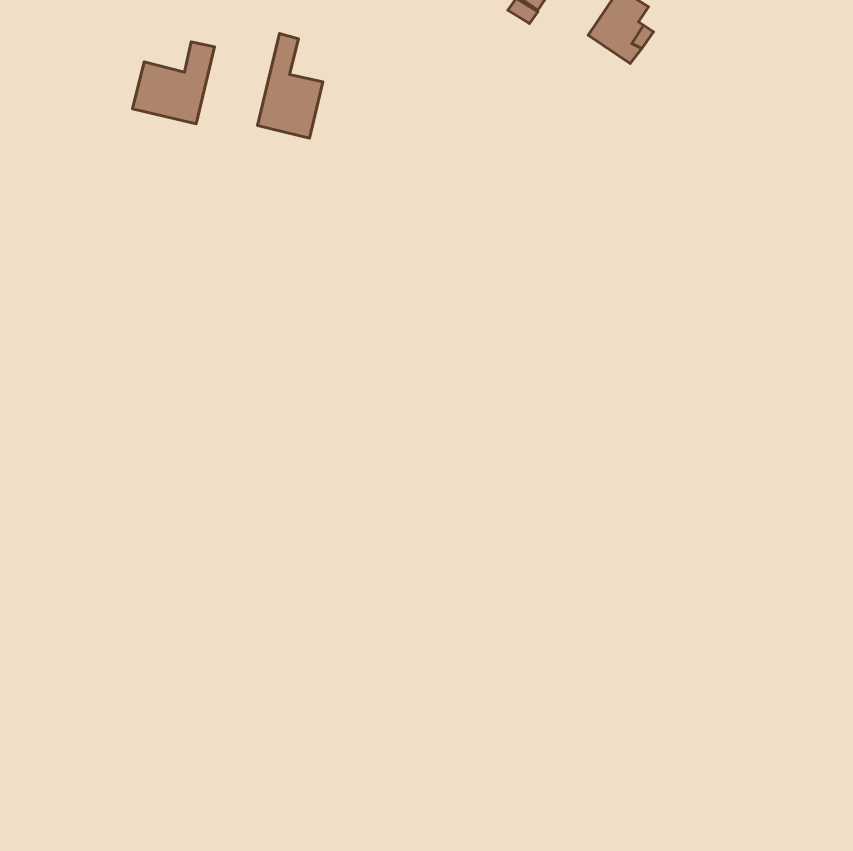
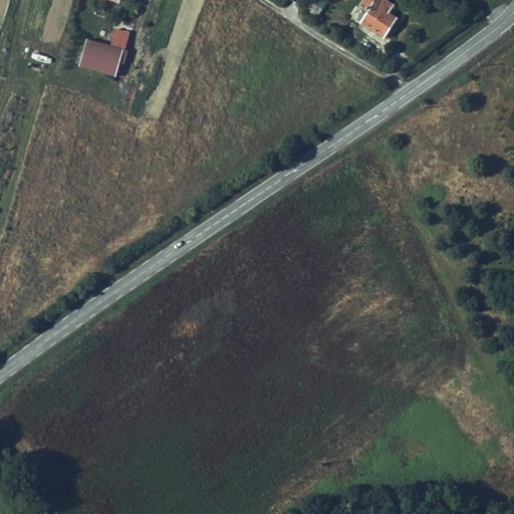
building: [258,33,323,138] -> none

